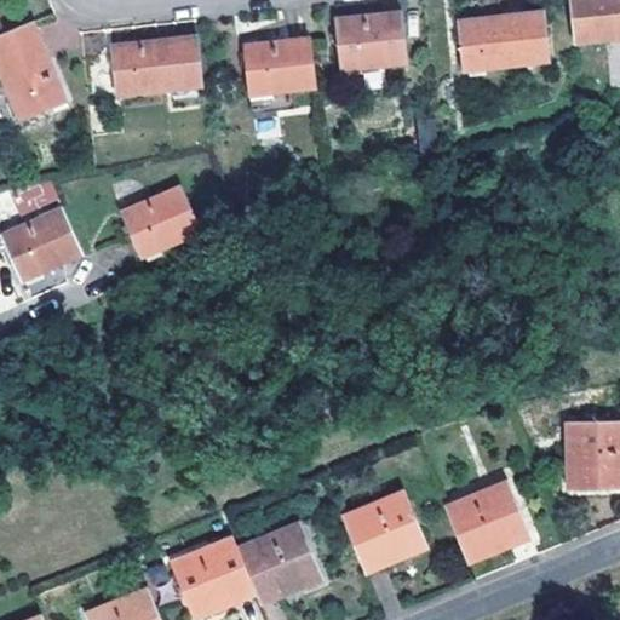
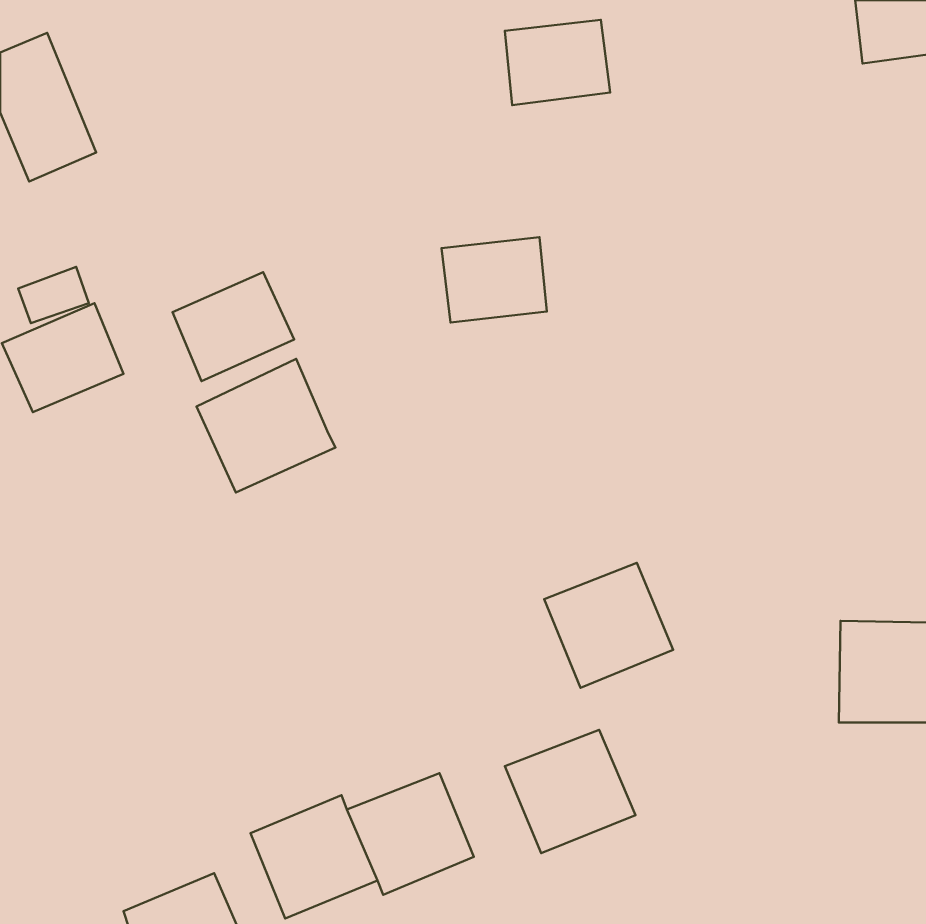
building: [459,15,551,74] -> none
building: [113,39,203,98] -> none
building: [246,41,316,98] -> [442,237,547,323]
building: none -> [196,359,336,493]
building: [442,478,528,562] -> [544,563,673,688]

